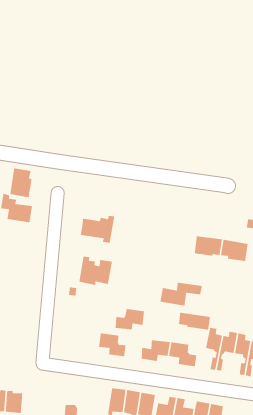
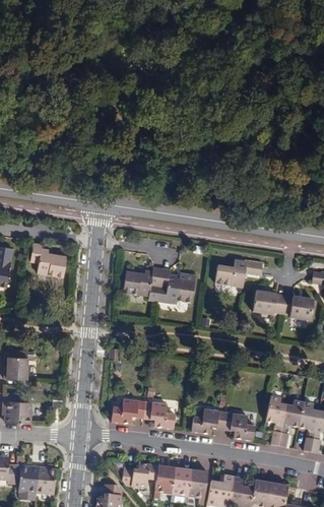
building: [9,168,33,198] -> none
building: [78,256,113,286] -> [157,267,197,302]
building: [159,282,203,307] -> [214,258,264,287]
building: [115,308,145,330] -> [111,398,145,424]
building: [178,312,211,331] -> none
building: none -> [122,462,158,486]

